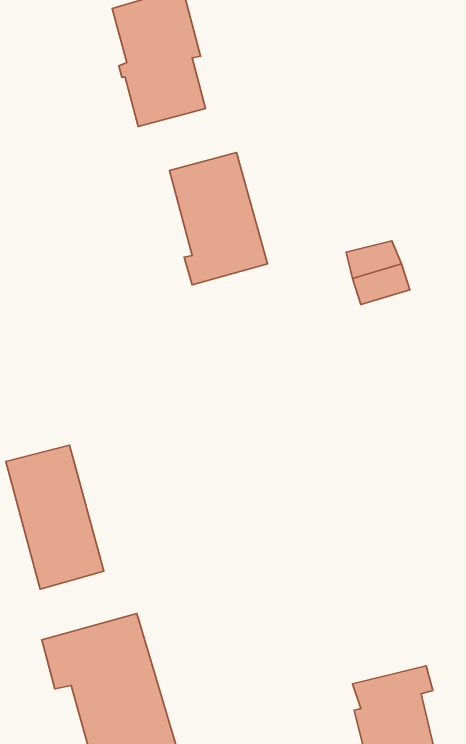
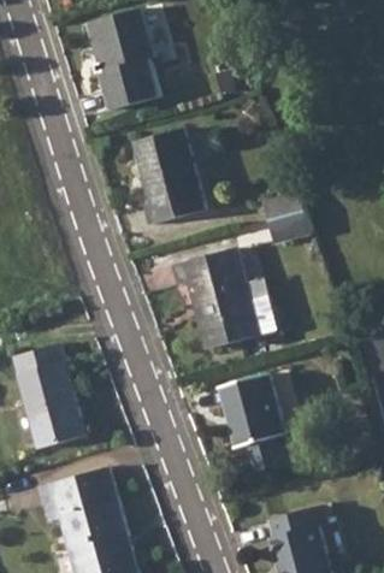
building: none -> [172,248,277,350]
building: none -> [219,373,291,469]

